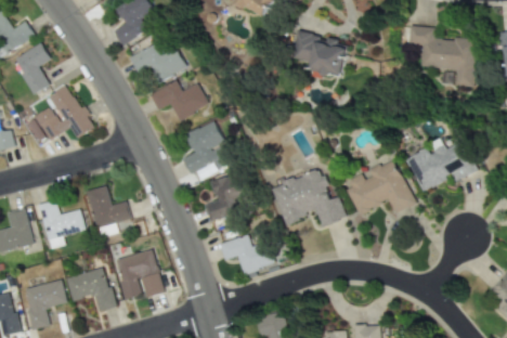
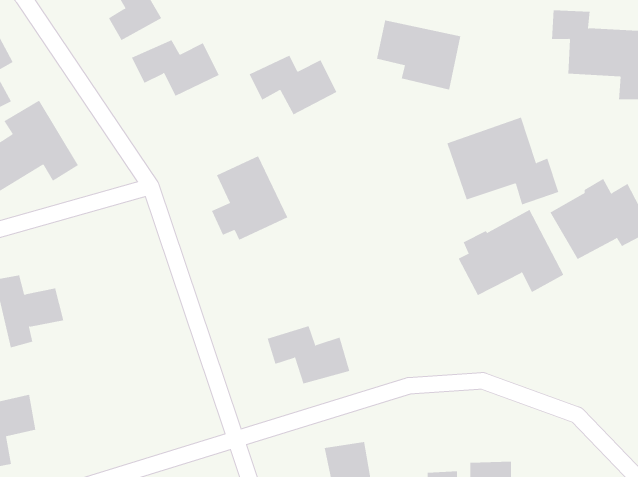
building: [150,80,208,120] -> [249,55,337,115]
building: [271,168,346,226] -> [446,117,559,205]
building: [204,173,245,220] -> none
building: [86,185,130,227] -> none
building: [114,249,164,300] -> none
building: [66,268,115,312] -> none

